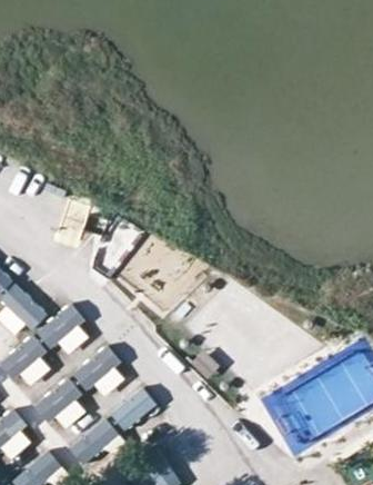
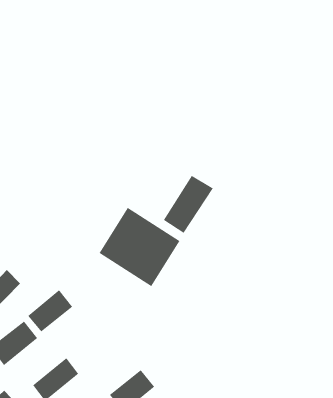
building: none -> [163,175,214,234]
building: [75,347,125,392] -> none

